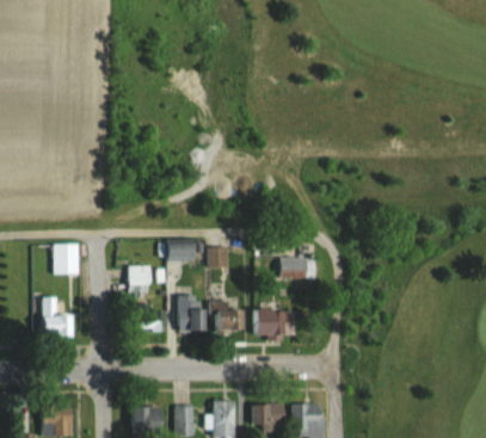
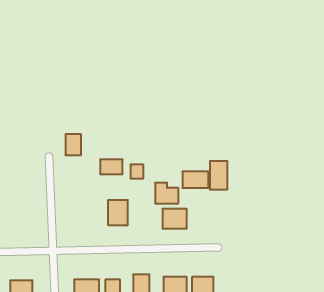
building: none -> [210,161,227,190]
building: [53,245,78,272] -> none
building: [128,265,149,294] -> [65,134,81,155]
building: [41,297,73,335] -> none
building: [211,301,244,329] -> [155,183,178,203]

